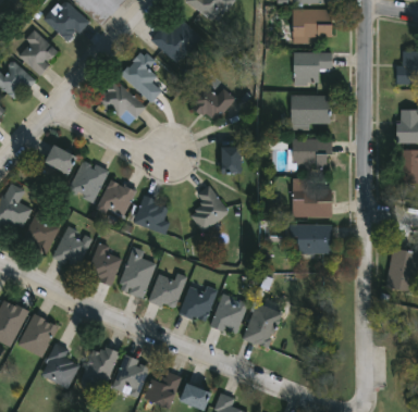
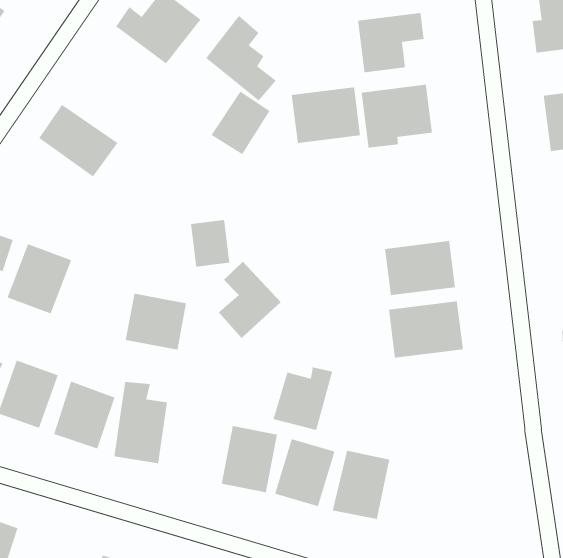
building: [121,50,161,102] -> [205,15,277,101]
building: [292,139,330,168] -> [291,87,361,144]
building: [221,147,242,173] -> [190,219,230,267]
building: [97,179,138,222] -> none
building: [148,272,187,310] -> [273,366,333,431]

